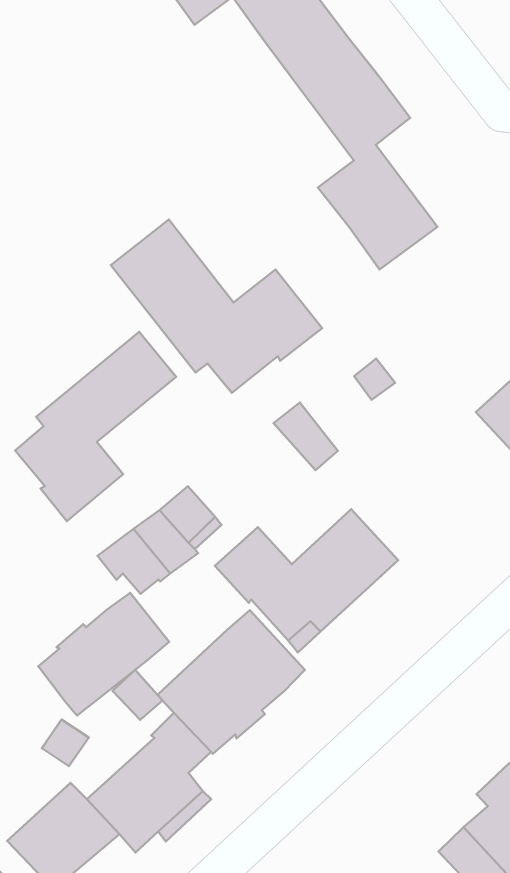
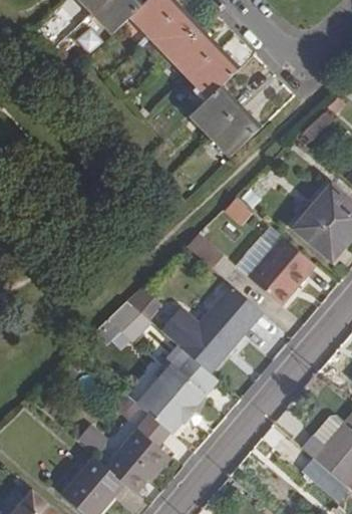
building: [111,220,322,393] -> none
building: [15,332,176,521] -> none
building: none -> [244,240,311,308]
building: [38,593,169,715] -> none

